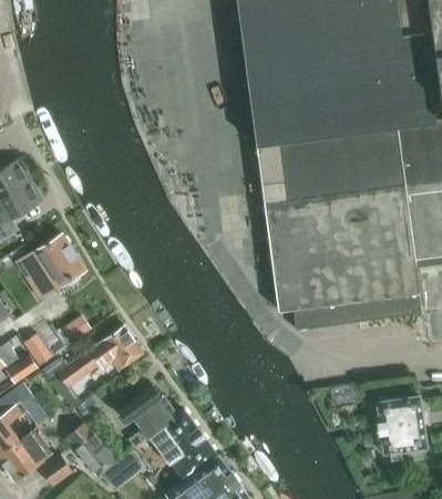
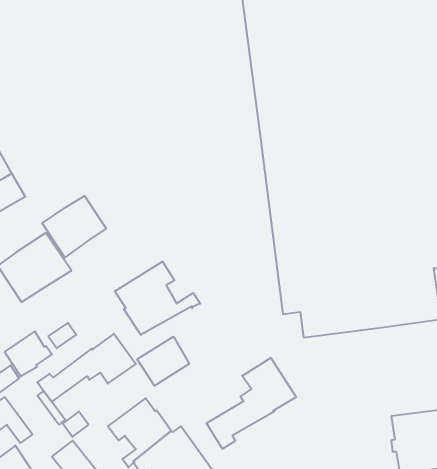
building: none -> [42,196,106,257]
building: none -> [115,261,200,335]
building: none -> [137,337,189,386]
building: none -> [207,358,296,449]

